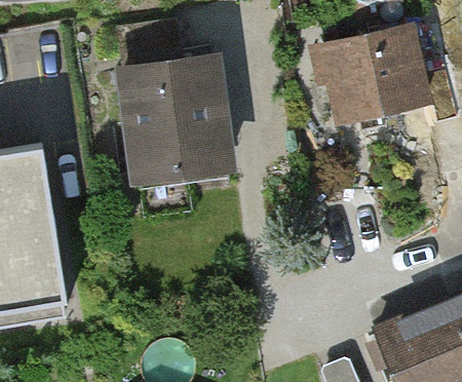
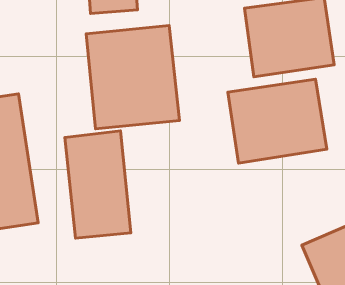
building: none -> [228,79,327,163]
building: none -> [65,131,131,238]

